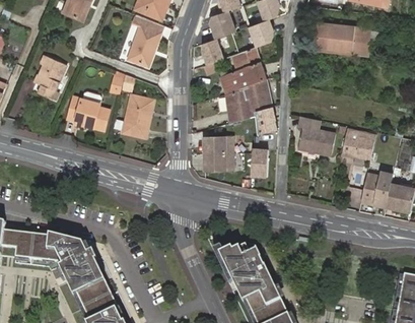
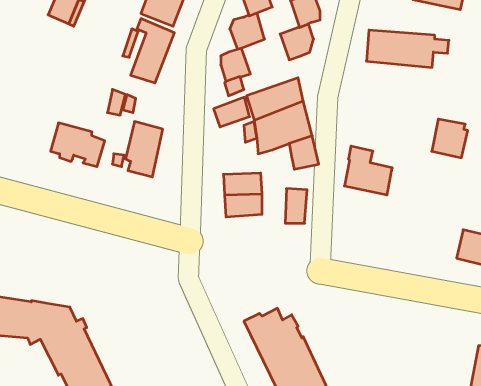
building: [232,47,261,70] -> [214,97,250,127]
building: [37,56,67,101] -> none
building: [341,129,369,159] -> [432,119,468,158]
building: [360,168,392,205] -> none

